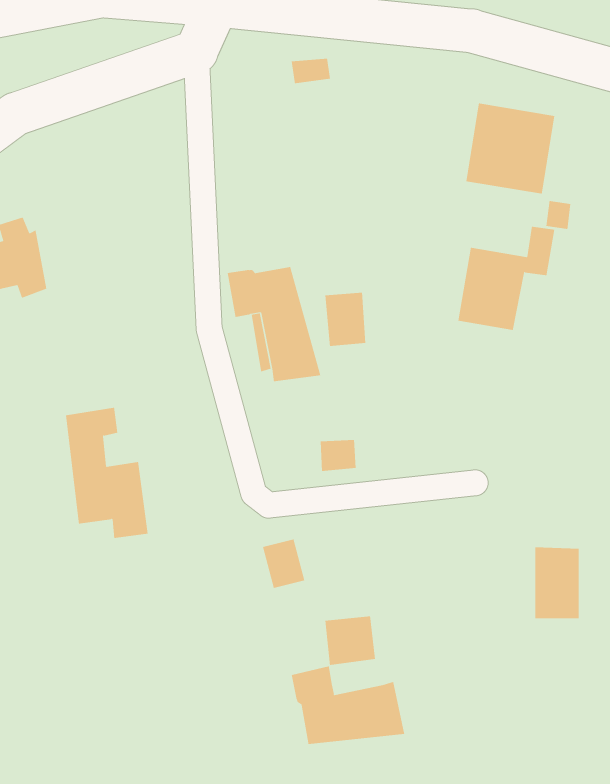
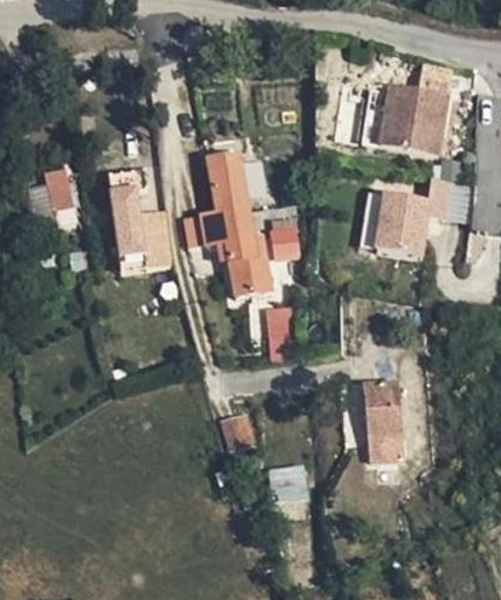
building: none -> [210,153,249,211]
building: [65,407,149,539] -> [104,170,167,269]
building: [535,547,579,619] -> [369,383,403,438]
building: [291,665,405,745] -> none

